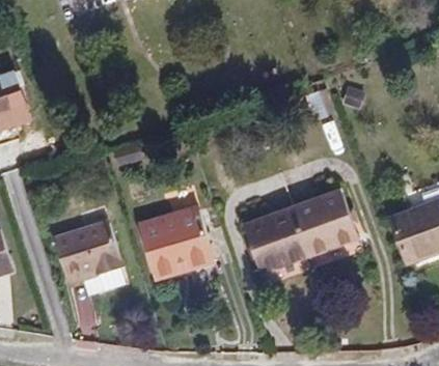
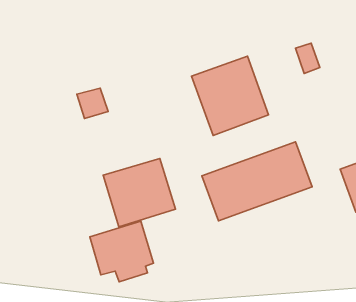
building: none -> [191,56,268,136]
building: [55,222,122,286] -> [90,221,153,282]

